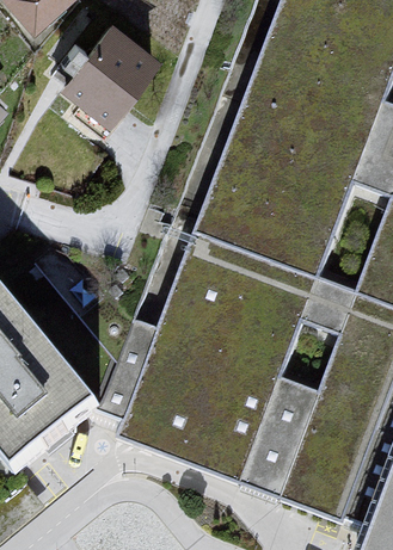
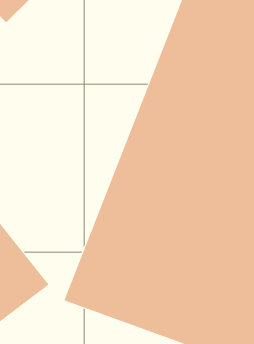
building: [56,18,155,122] -> none

